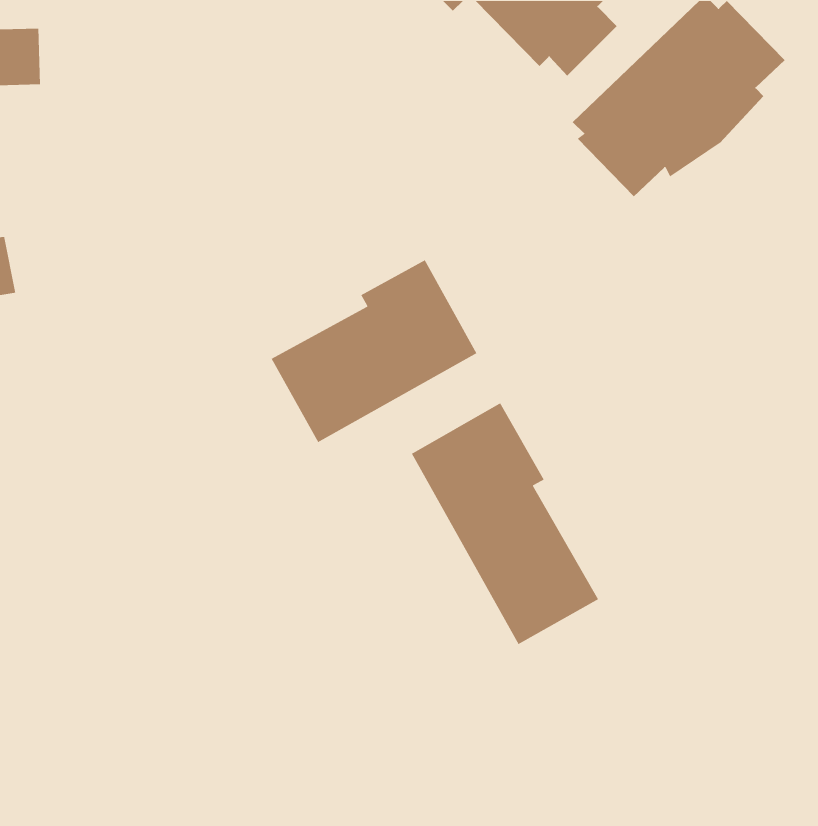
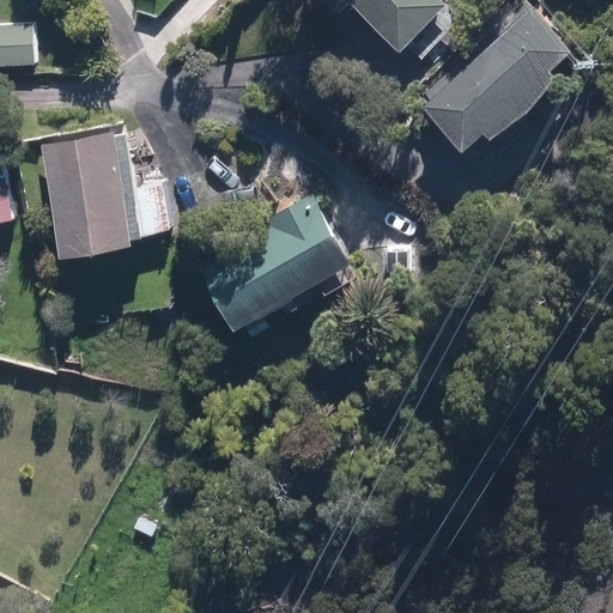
building: none -> [37,132,169,259]
building: [411,402,599,645] -> none

